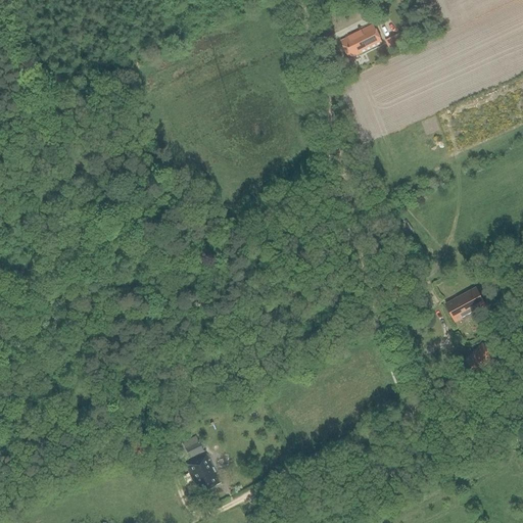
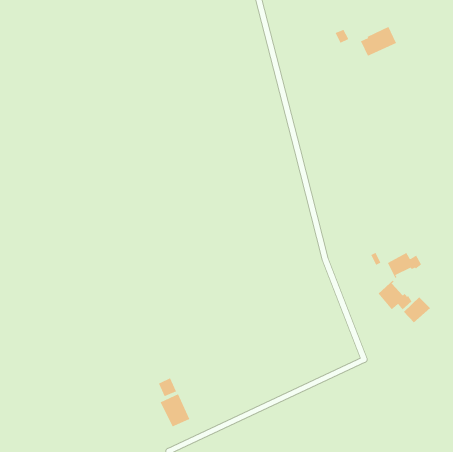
building: [341,22,383,57] -> [360,26,397,56]
building: none -> [378,280,412,310]

